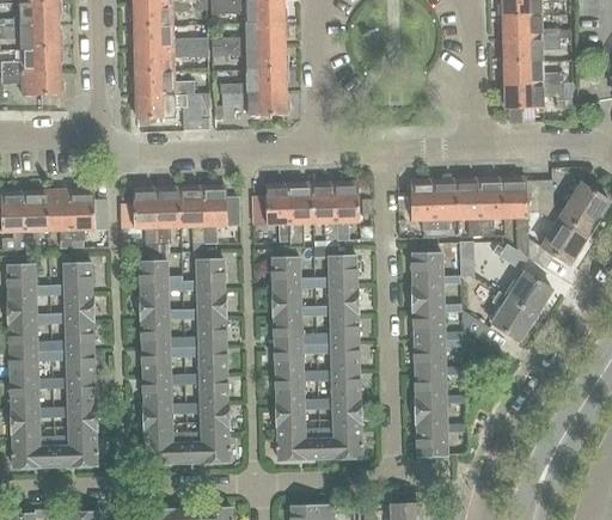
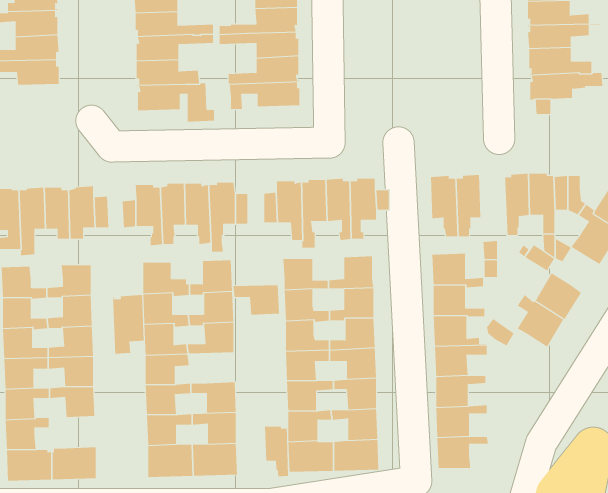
building: [455,178,481,235] -> none
building: none -> [112,294,144,354]
building: [182,345,226,374] -> [233,285,280,315]
building: [51,405,96,435] -> none
building: none -> [265,426,289,477]

